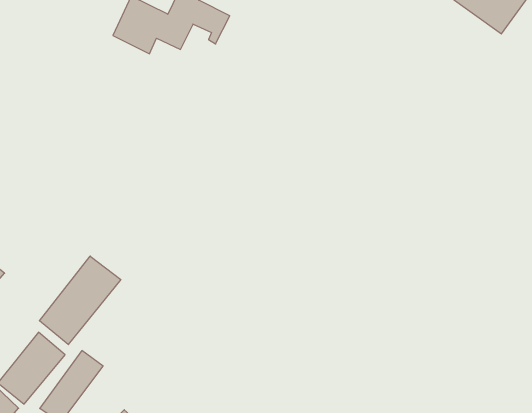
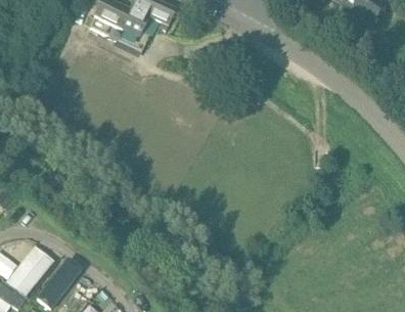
building: [39,256,121,345] -> none

